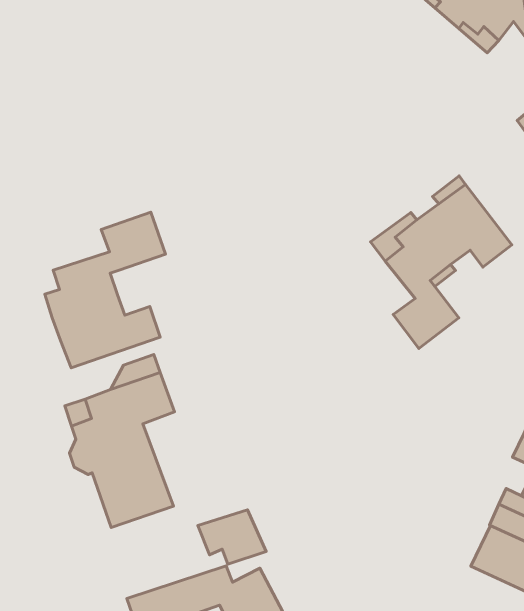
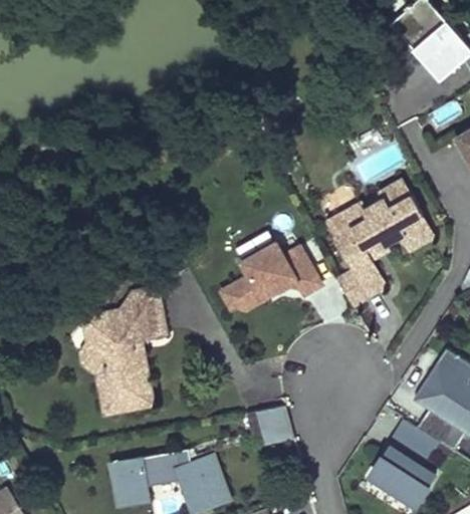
building: [45,212,166,368] -> none
building: none -> [218,252,315,317]
building: [198,510,266,564] -> [244,407,293,446]

